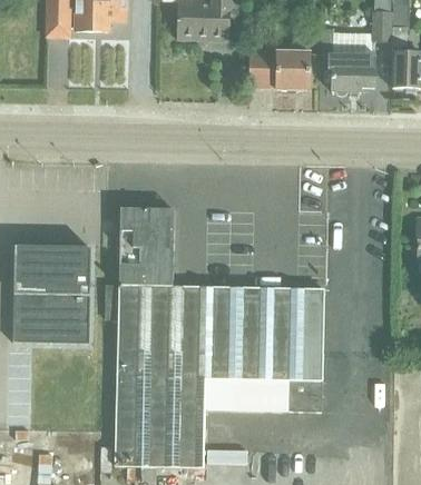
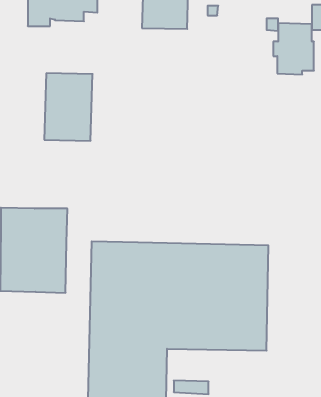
building: [249,34,310,89] -> none
building: [119,207,175,285] -> [44,73,93,141]

